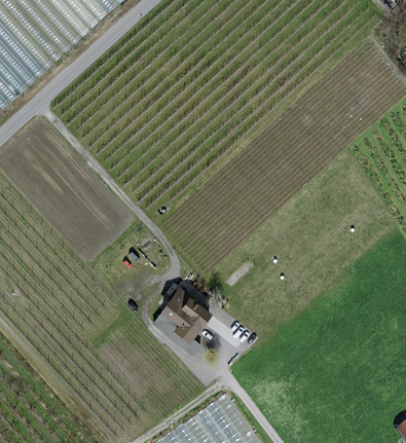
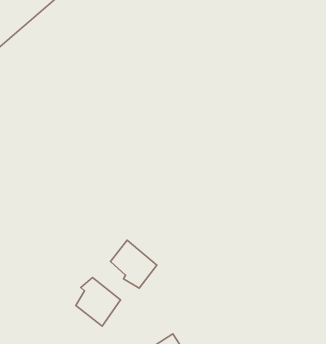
building: none -> [76,277,120,326]

